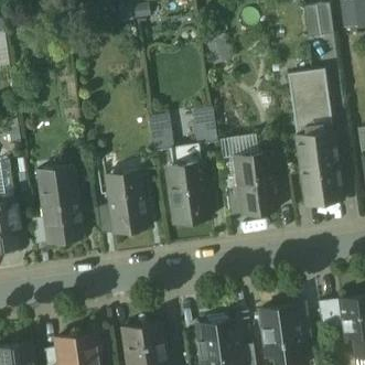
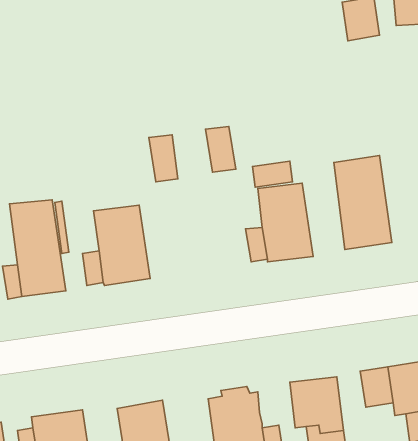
building: [288,69,333,136] -> none
building: [167,160,212,224] -> none

